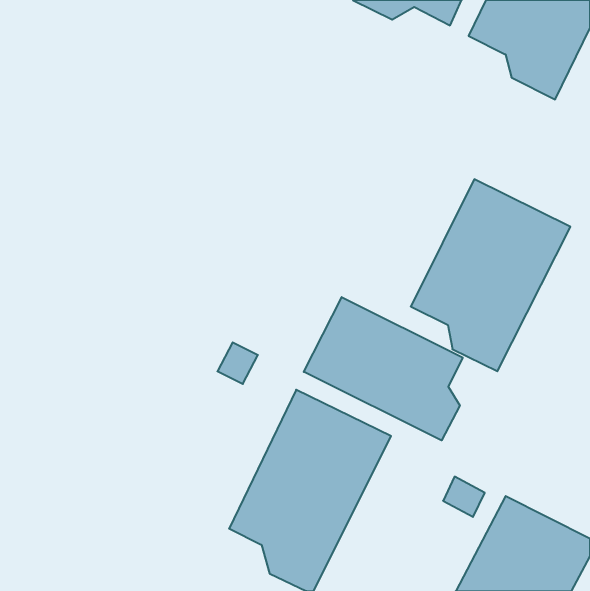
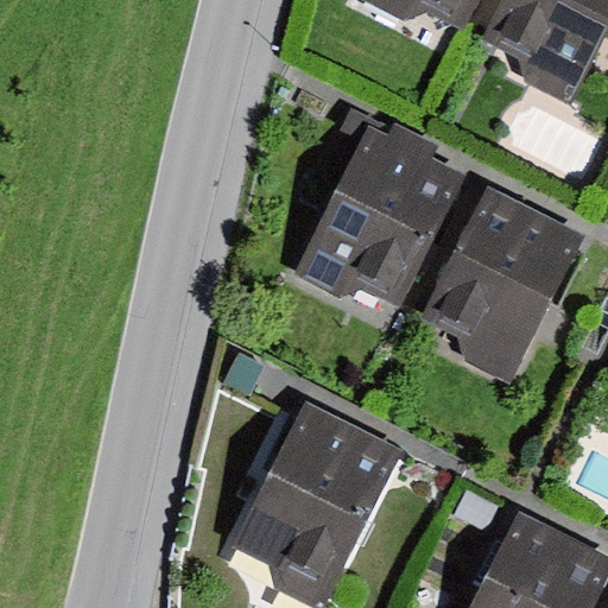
building: none -> [292,124,468,305]
building: [304,297,463,440] -> none

